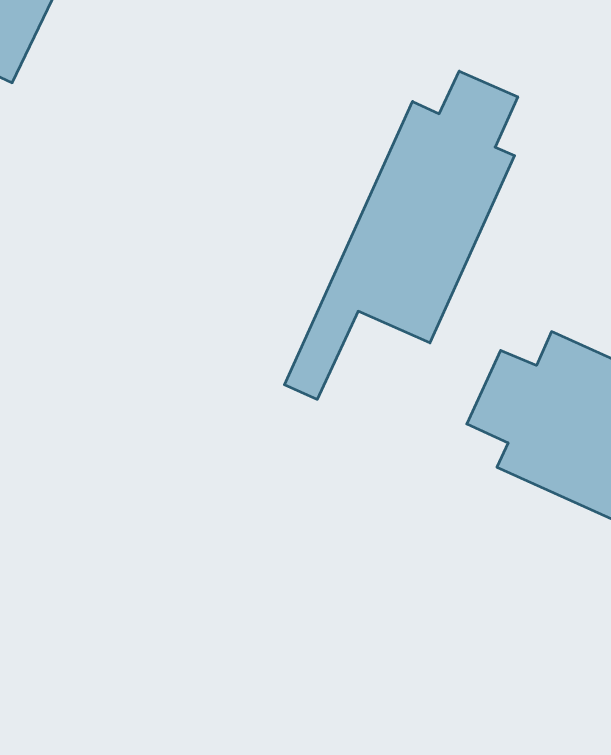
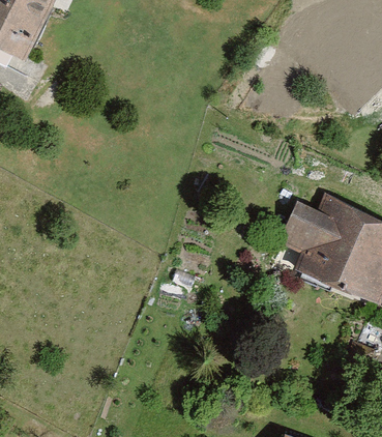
building: [284,71,518,399] -> none

